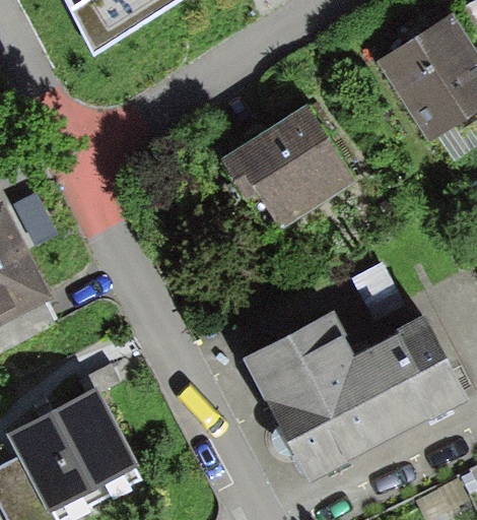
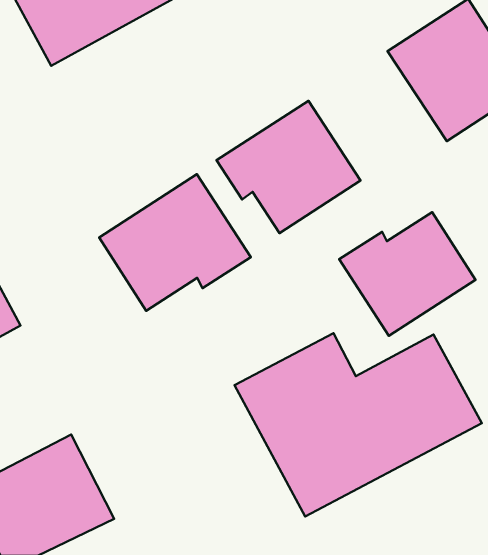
building: none -> [99,174,251,311]
building: none -> [339,212,476,336]

